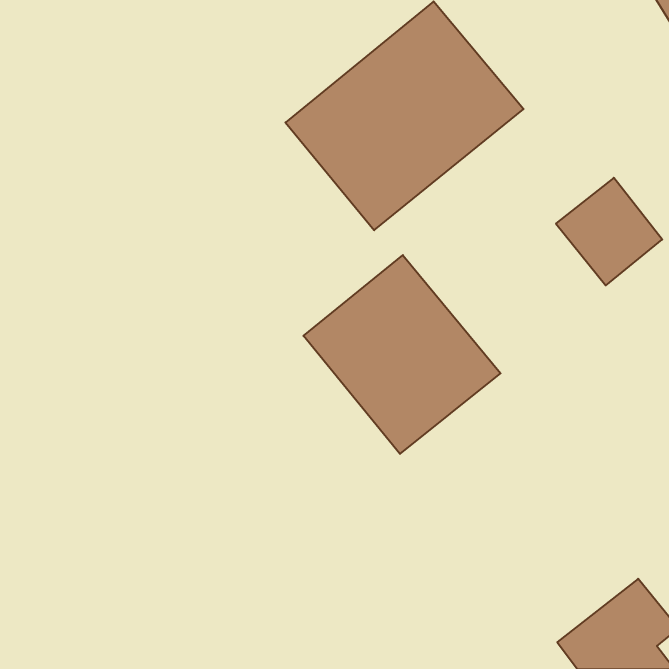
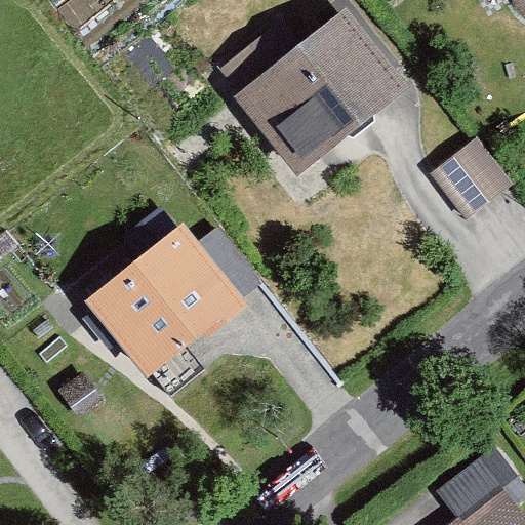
building: [303,255,501,454] -> none
building: none -> [87,229,242,379]

